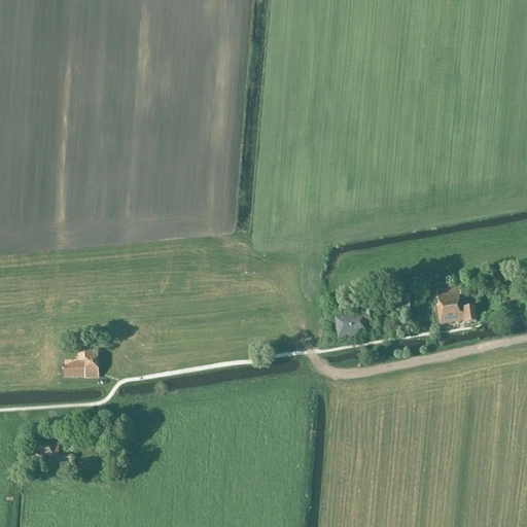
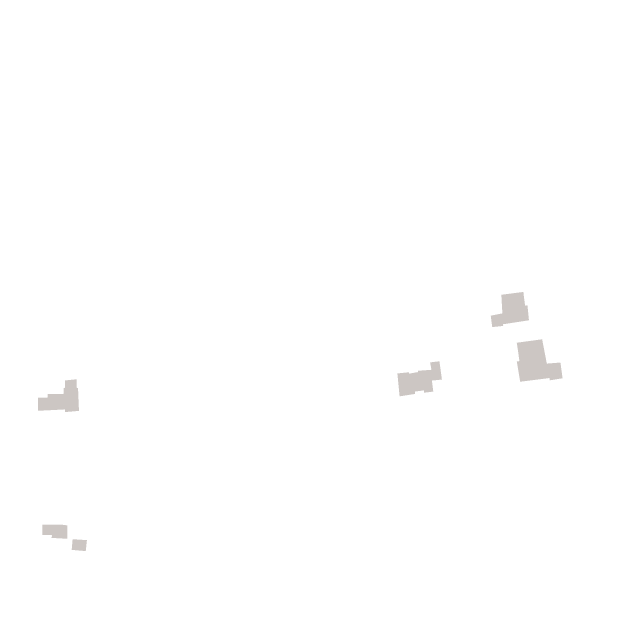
building: none -> [490,291,530,328]
building: [62,349,98,378] -> [37,379,80,413]

